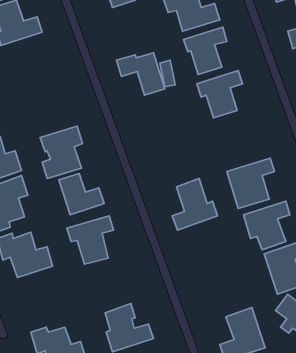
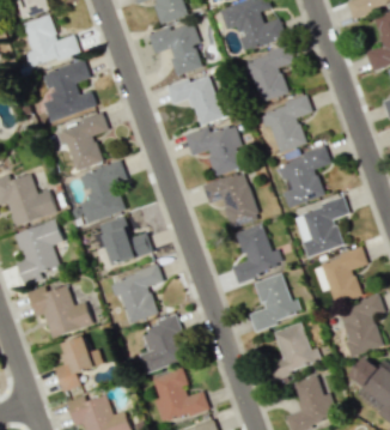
building: none -> [147,22,201,74]
building: none -> [41,59,96,121]
building: none -> [54,114,106,169]
building: none -> [183,123,242,175]
building: none -> [276,147,330,207]
building: none -> [201,171,258,228]
building: none -> [248,272,301,329]
building: none -> [138,316,188,373]
building: none -> [266,322,321,377]
building: none -> [54,335,102,390]

